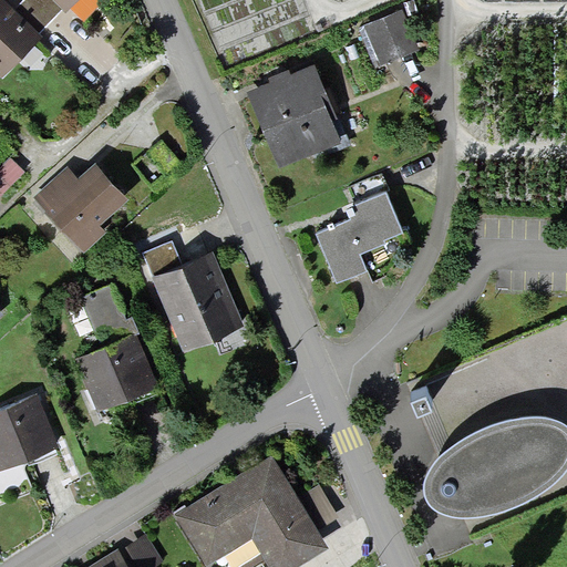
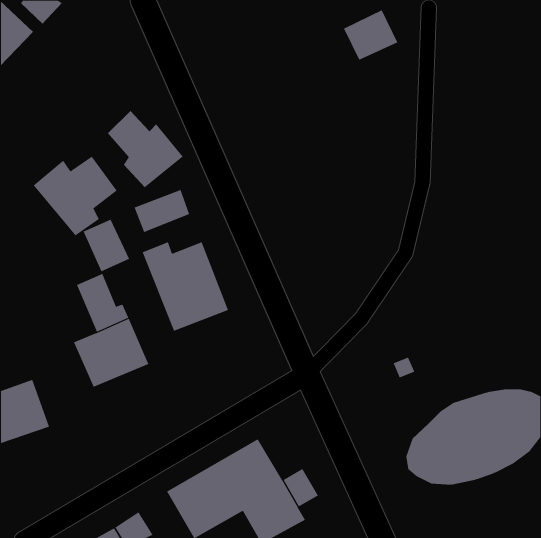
building: [251,70,343,166] -> none
building: none -> [107,110,184,188]
building: [317,193,403,282] -> none
building: none -> [134,189,190,233]
building: none -> [83,219,130,272]

